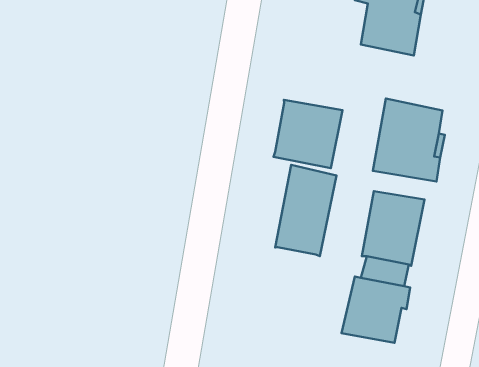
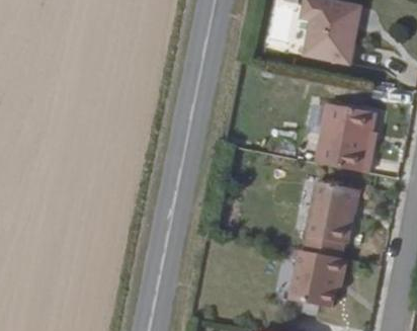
building: [274,100,343,168] -> none
building: [275,165,336,256] -> none

